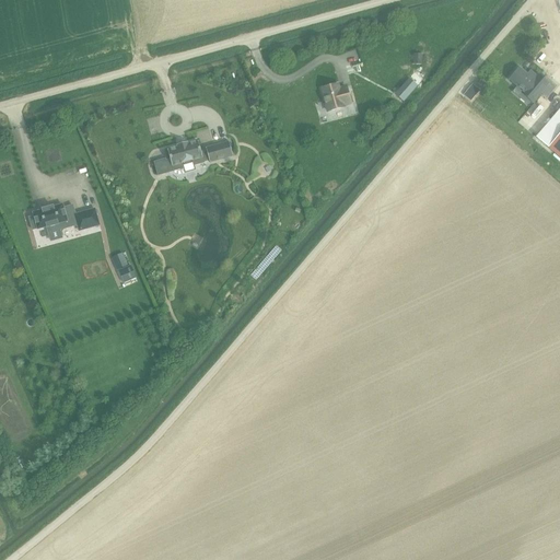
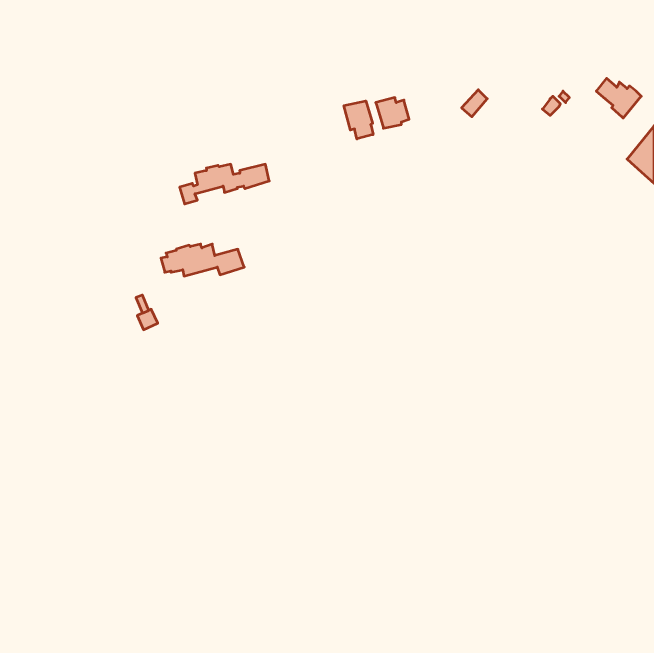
building: none -> [344,101,373,139]
building: [27,203,98,231] -> [161,244,244,276]

